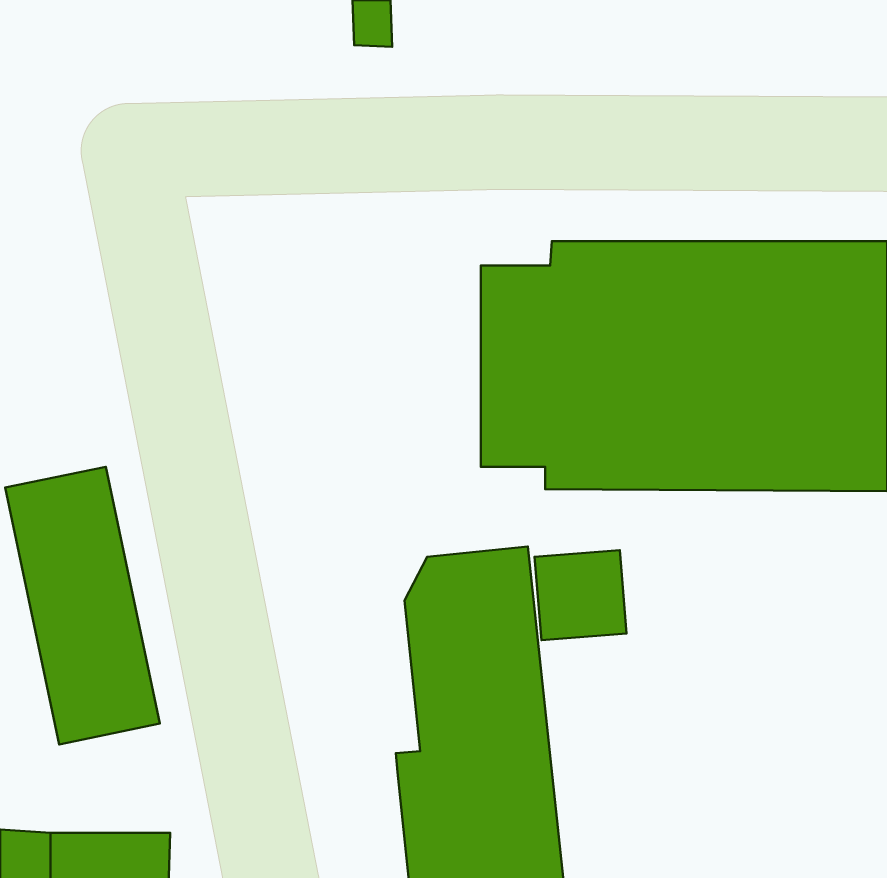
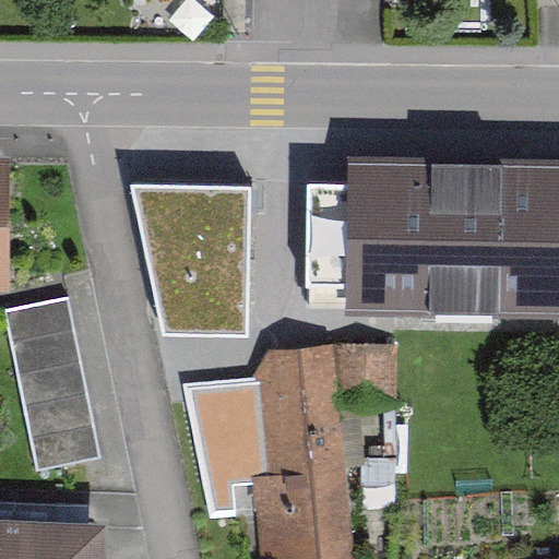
building: none -> [131,180,252,330]
building: none -> [182,383,264,523]

